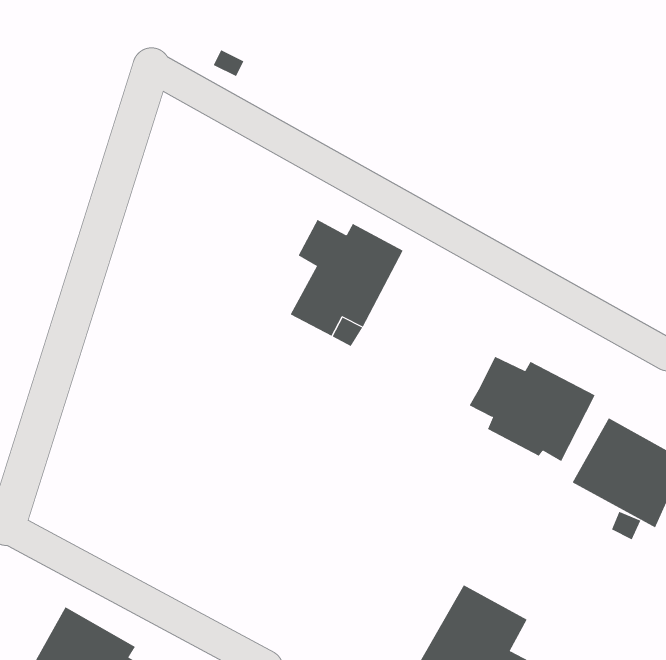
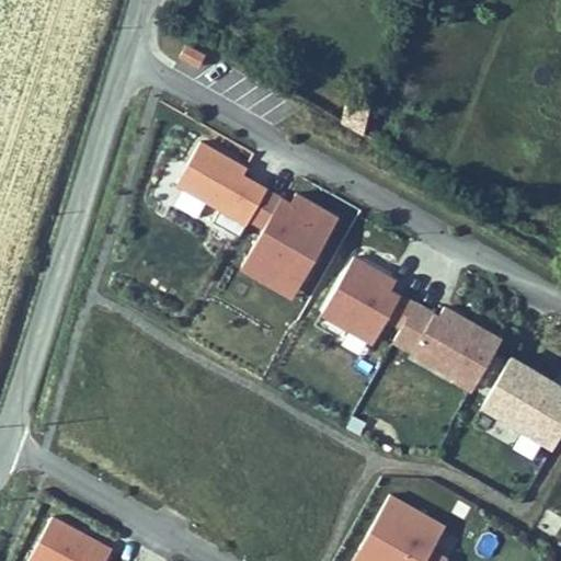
building: none -> [176,142,267,225]
building: none -> [321,257,416,347]

